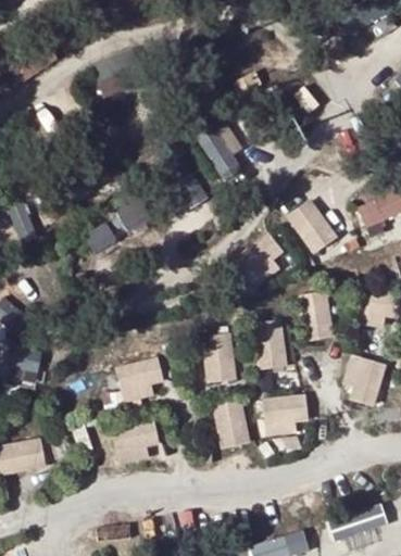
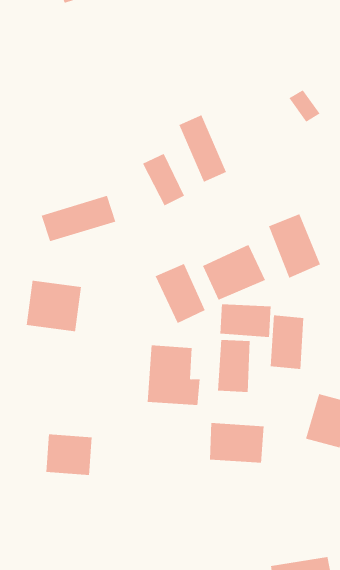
building: none -> [155,263,206,324]
building: none -> [220,304,271,338]
building: [118,357,164,399] -> [26,280,82,332]
building: [213,400,250,448] -> none

